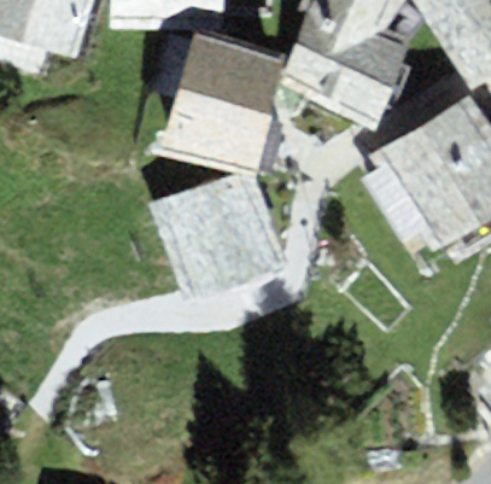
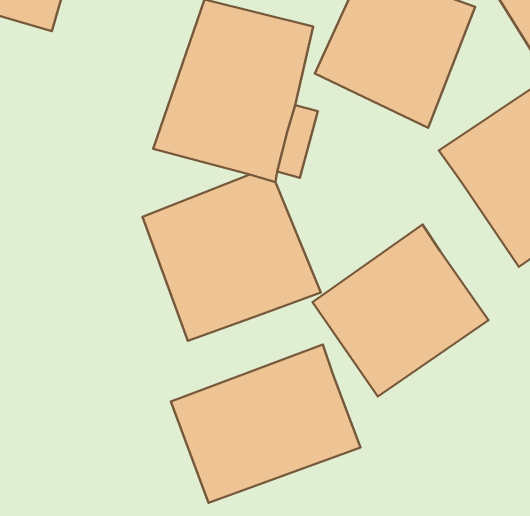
building: none -> [312,224,489,396]
building: none -> [171,344,361,503]

